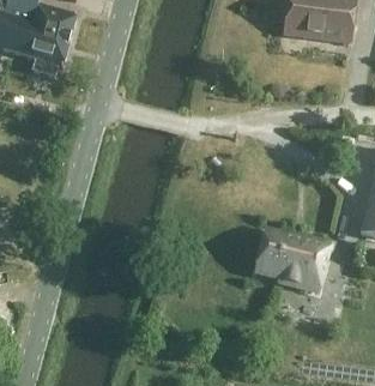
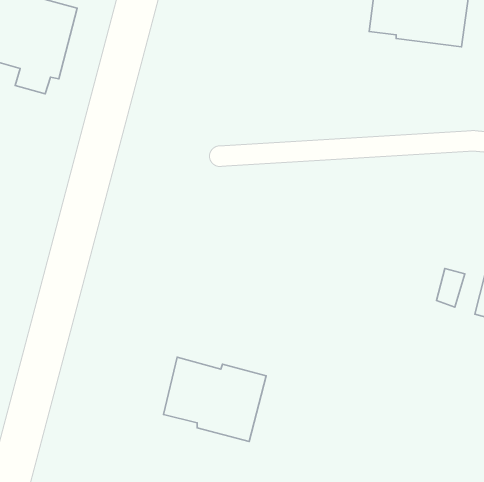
building: [255,230,328,290] -> [164,357,266,441]

